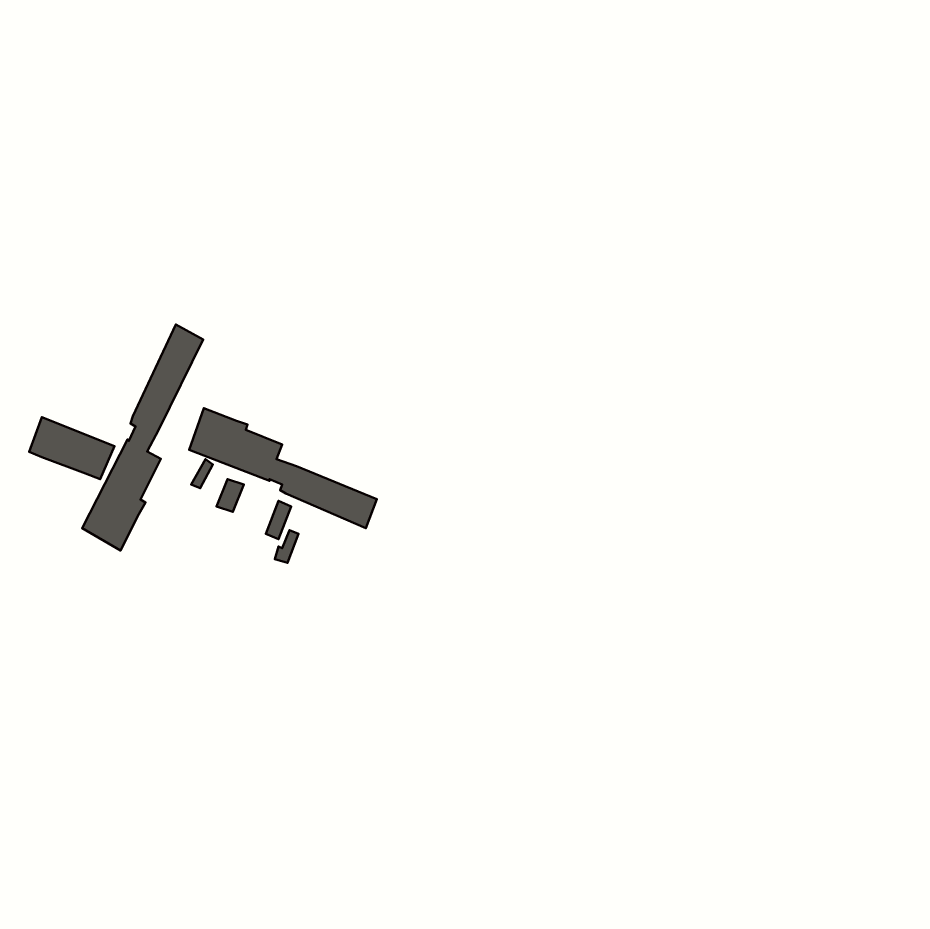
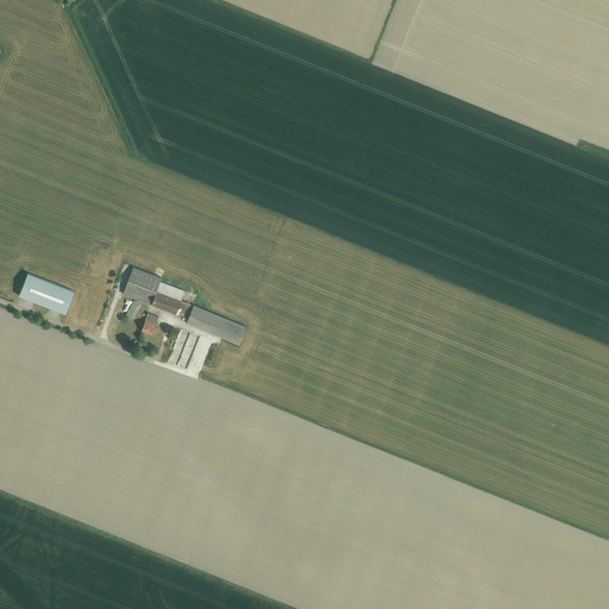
building: [82,325,203,551] -> none

